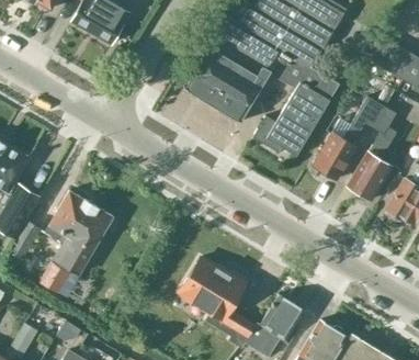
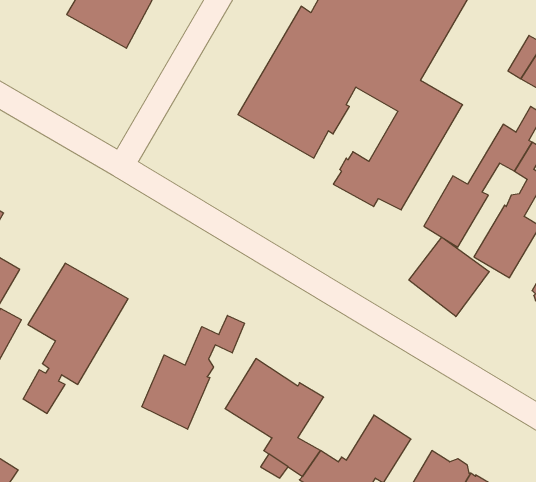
building: none -> [409,237,489,317]
building: none -> [142,315,244,429]

